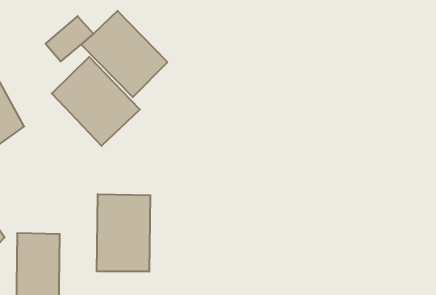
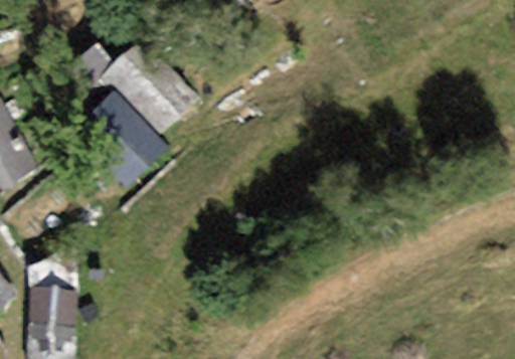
building: [97,194,150,272] -> none

